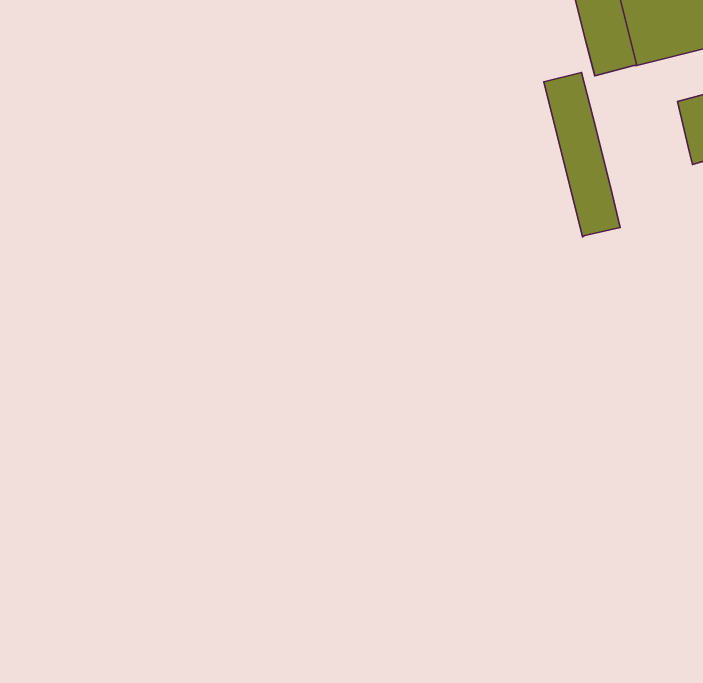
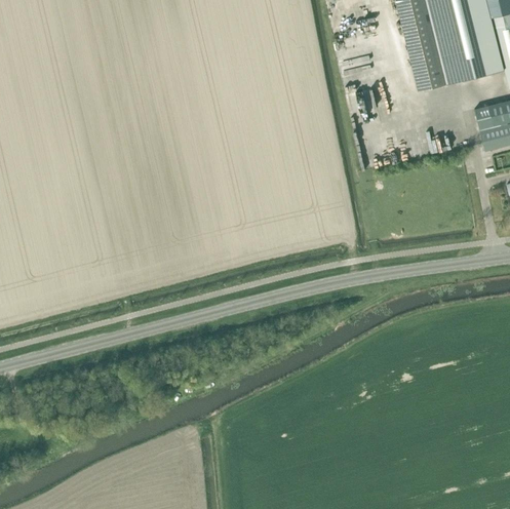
building: [544,73,620,237] -> none

